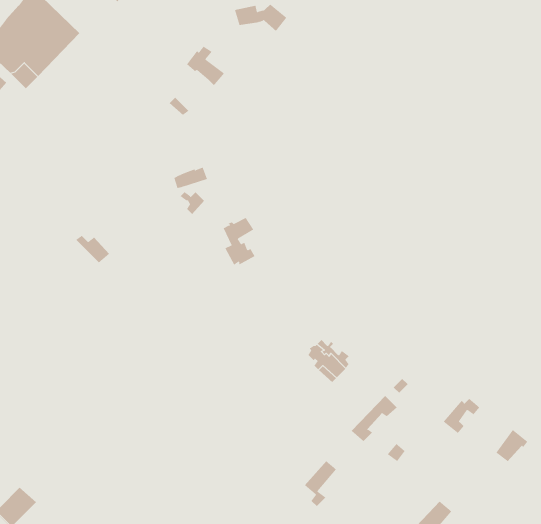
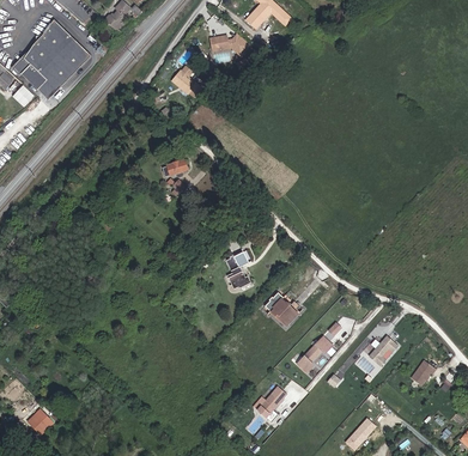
building: [223,217,256,265] -> [225,251,250,288]

